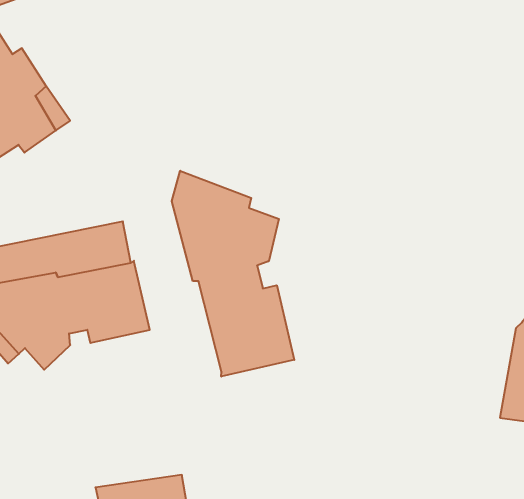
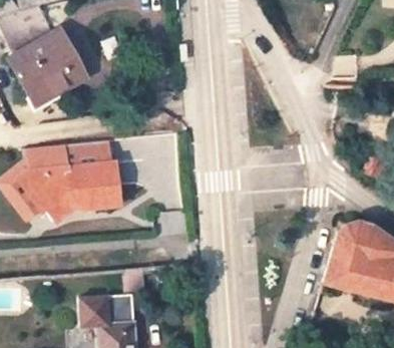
building: [172,171,294,377] -> none

